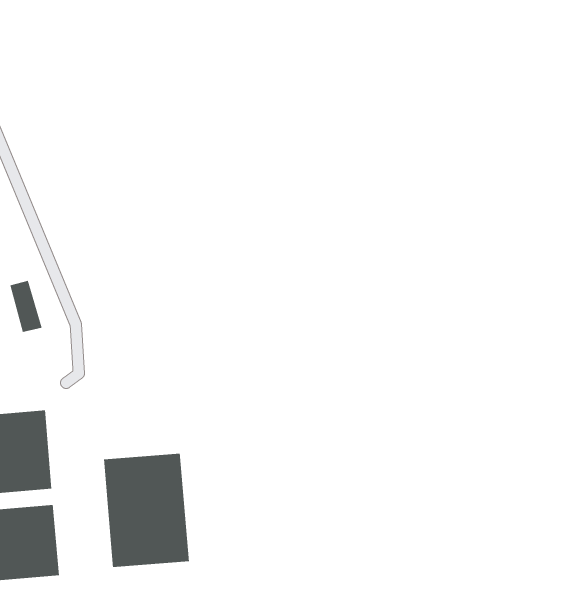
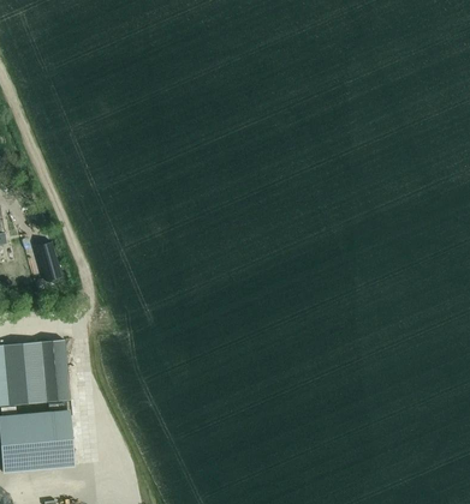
building: [103,453,189,568] -> none

